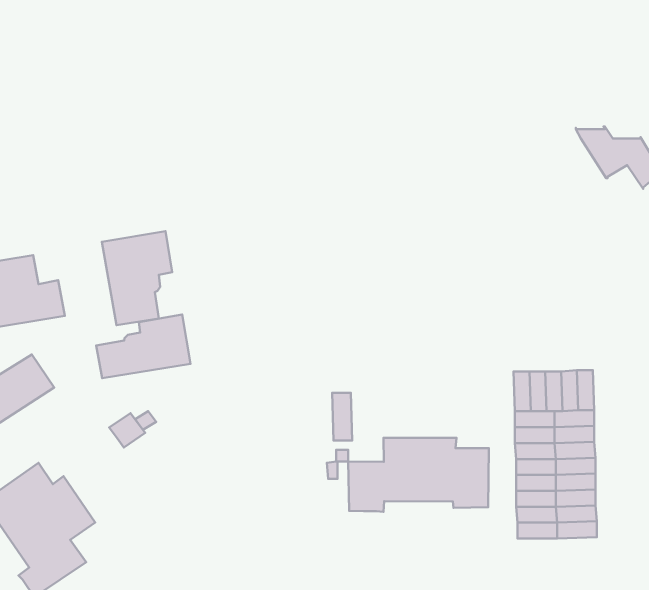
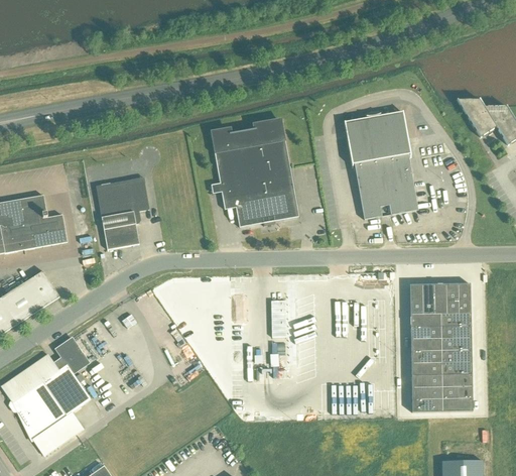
building: none -> [345,113,418,220]
building: none -> [212,121,298,227]
building: [96,315,190,378] -> none
building: [109,413,145,448] -> [55,338,83,364]
building: [348,438,489,512] -> none

